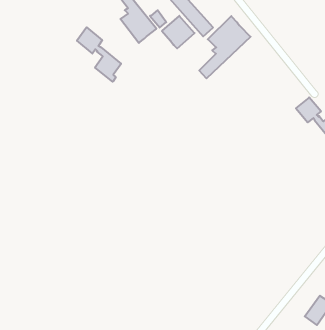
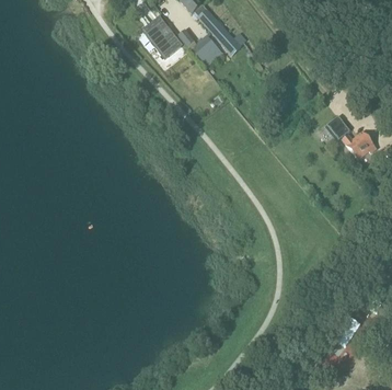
building: [199,16,251,78] -> none
building: [77,27,121,82] -> none

